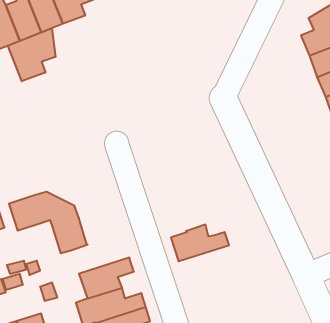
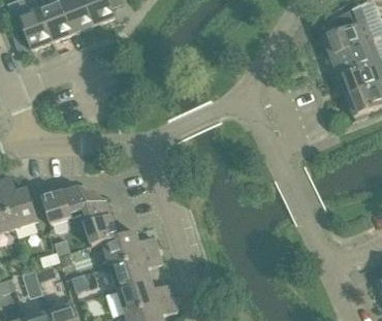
building: [8,28,56,81] -> none
building: [171,225,229,261] -> [102,229,158,264]

